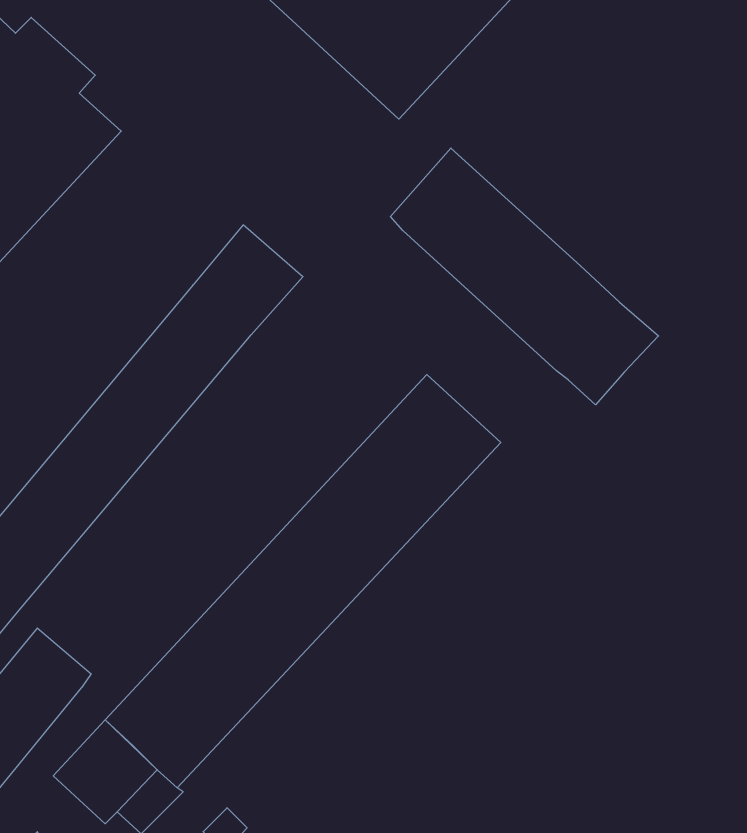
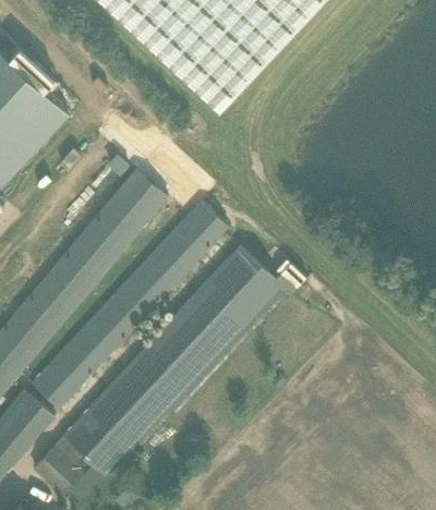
building: [390,148,659,405] -> none
building: none -> [29,202,225,411]

